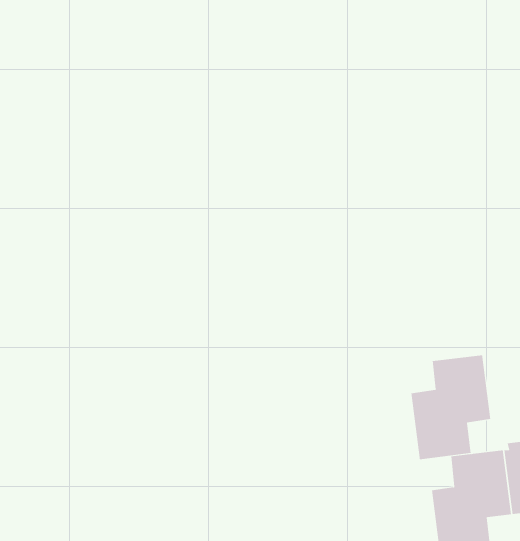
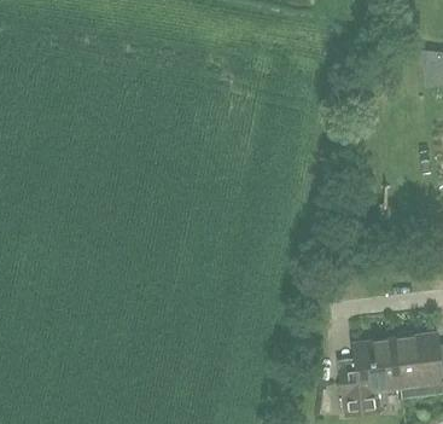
building: [411,355,491,460] -> none

